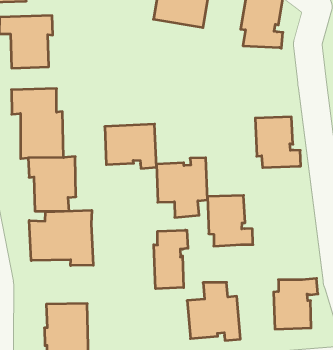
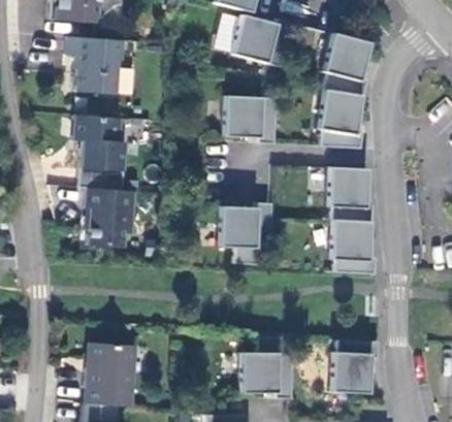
building: none -> [317,90,361,148]
building: [105,124,156,168] -> [222,96,277,143]
building: [207,195,253,246] -> [329,220,376,274]
building: [29,210,93,266] -> none
building: [154,230,188,289] -> none

